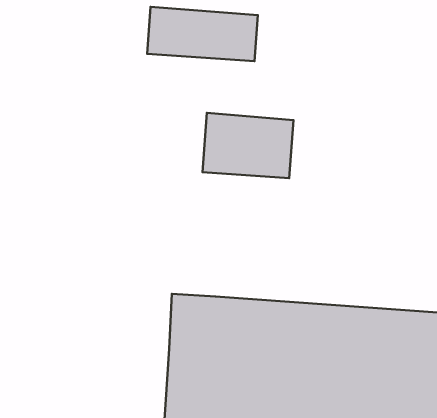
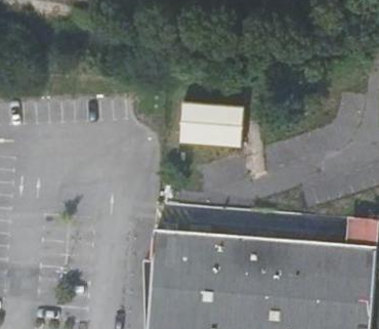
building: [147,7,258,61] -> none

